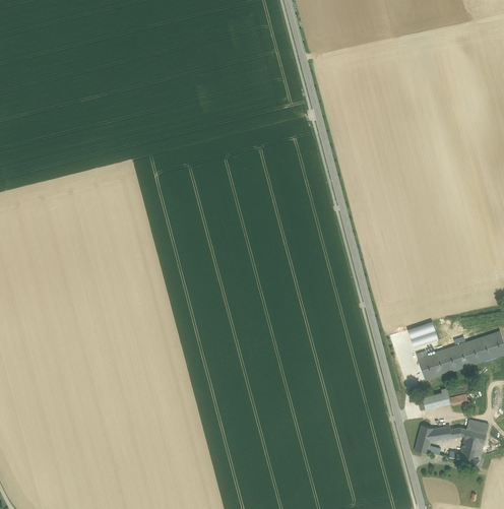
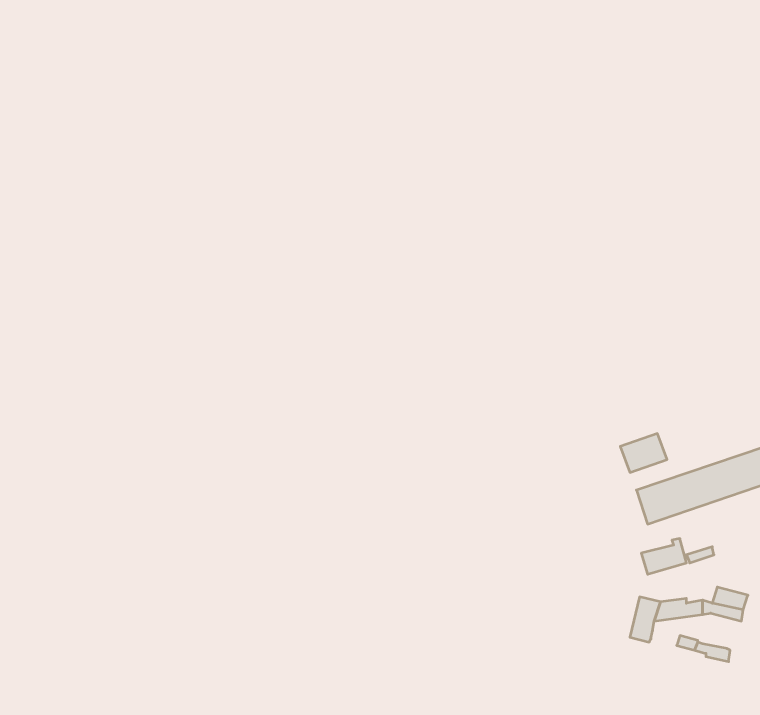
building: [460,435,485,457] -> none

